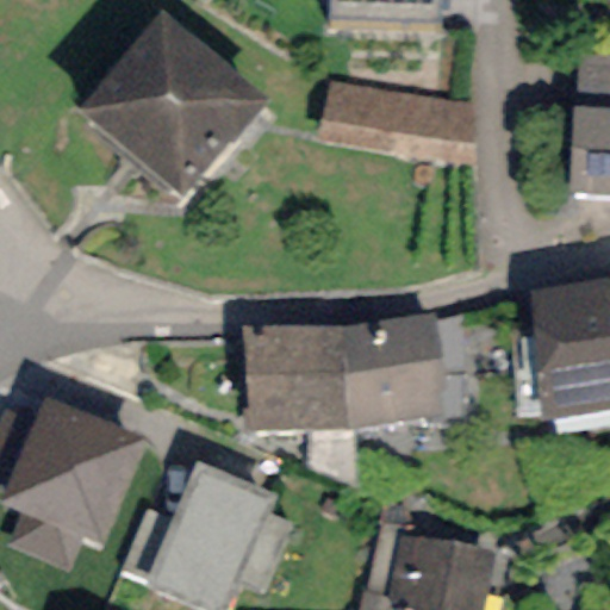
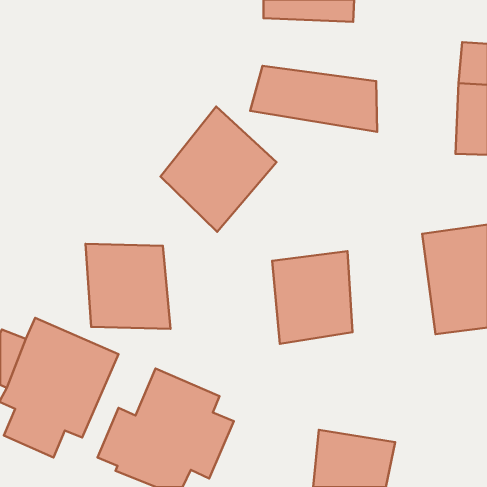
building: [79,11,268,198] -> none
building: none -> [160,107,277,232]
building: [244,323,350,429] -> [86,244,170,329]

